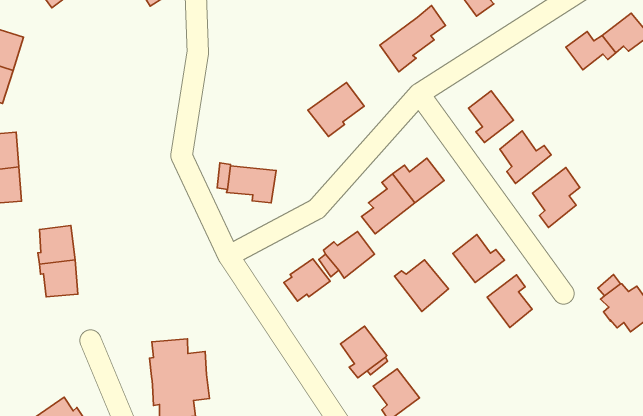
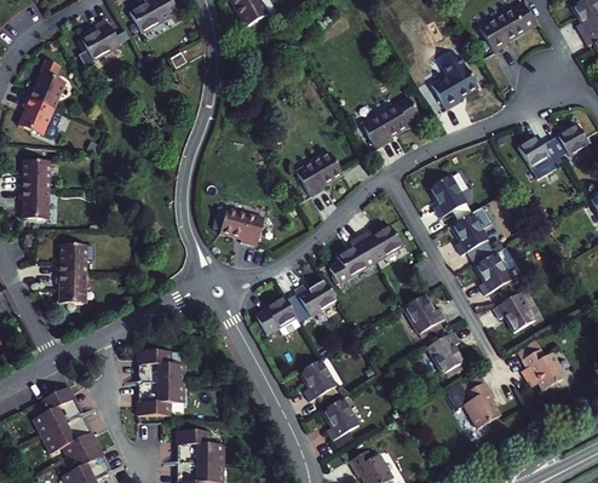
building: none -> [491,291,535,330]
building: [395,260,449,312] -> none
building: none -> [464,380,501,427]

